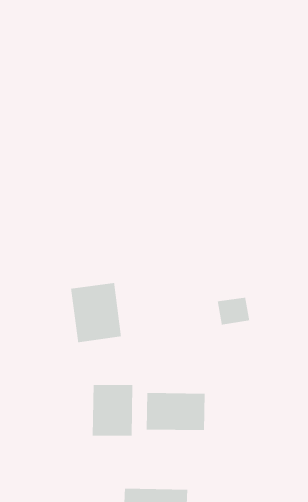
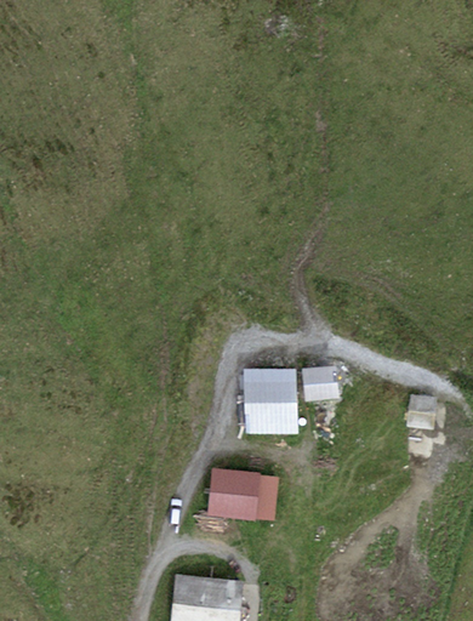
building: [70,282,122,343] -> [241,368,296,434]
building: [92,384,133,436] -> none

